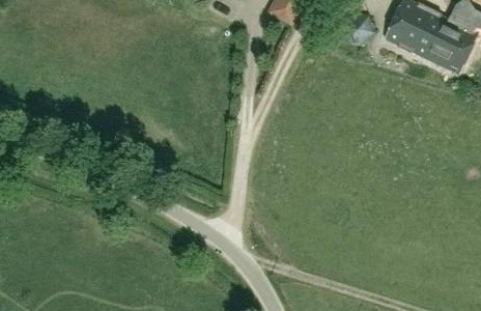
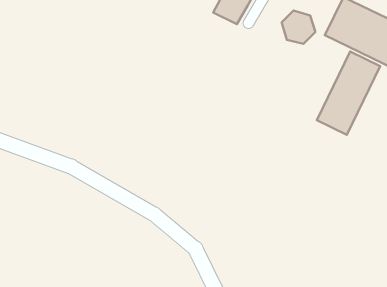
building: none -> [317,52,380,135]

